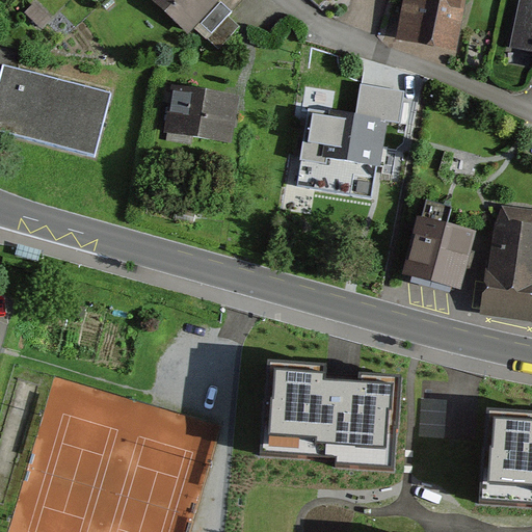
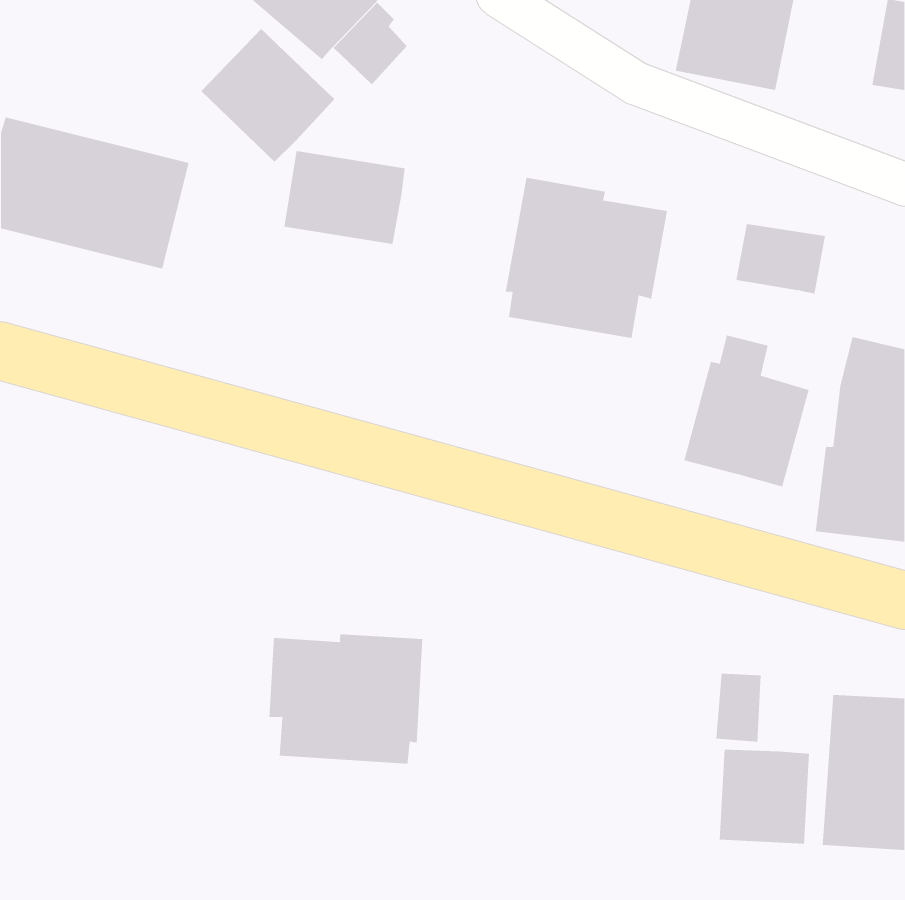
building: none -> [201,28,335,162]
building: [354,84,407,126] -> [735,223,826,294]
building: [263,358,399,464] -> none
building: none -> [269,633,423,764]
building: none -> [719,749,809,845]

